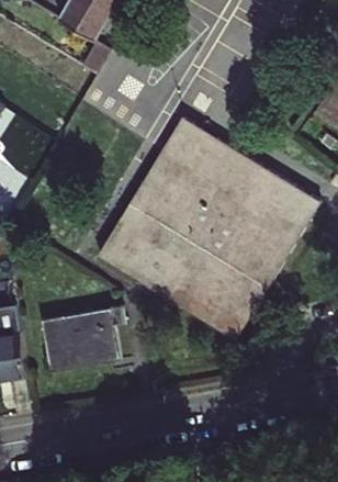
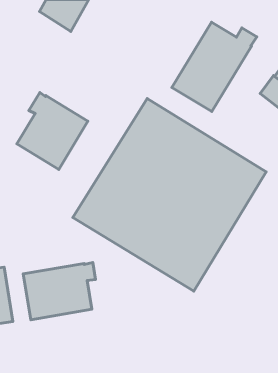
building: none -> [172,22,257,112]
building: none -> [17,93,88,169]

